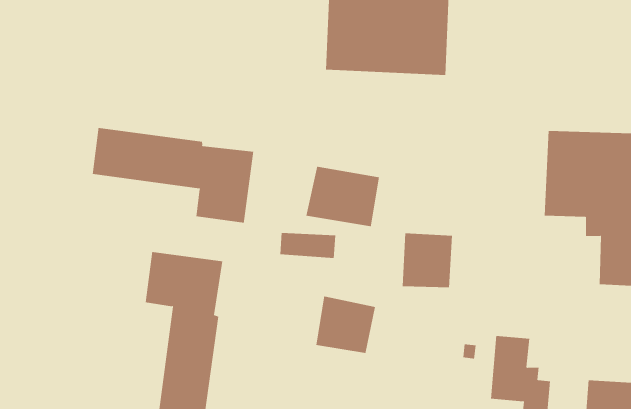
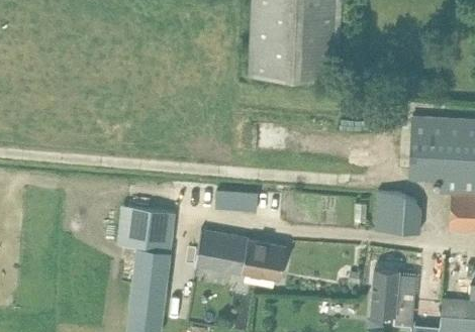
building: [92,127,254,223] -> none
building: [306,166,380,227] -> [193,231,248,275]
building: [402,233,453,288] -> [378,191,415,231]

